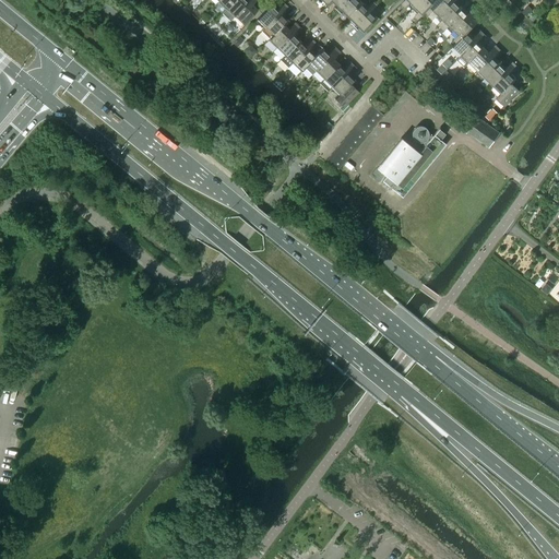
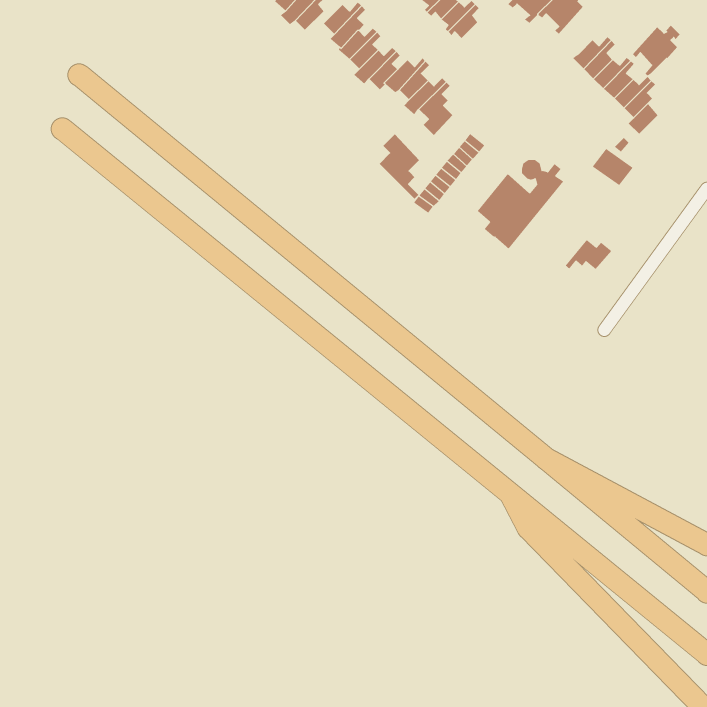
building: [440,4,478,45] -> [632,25,681,76]
building: none -> [379,134,420,199]
building: none -> [565,239,612,270]

